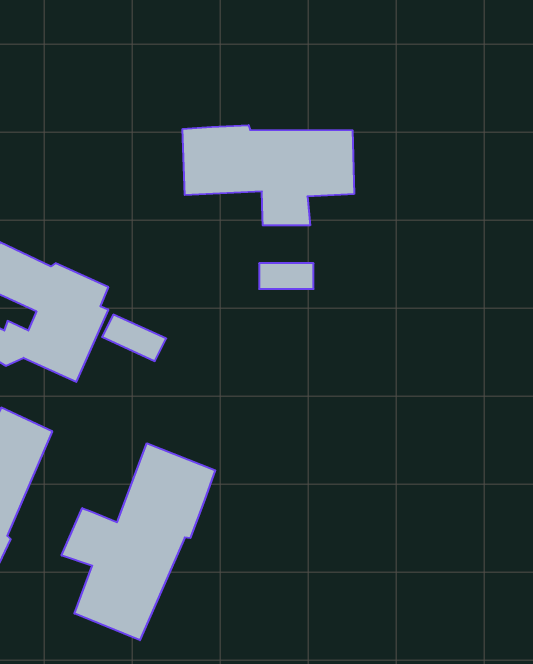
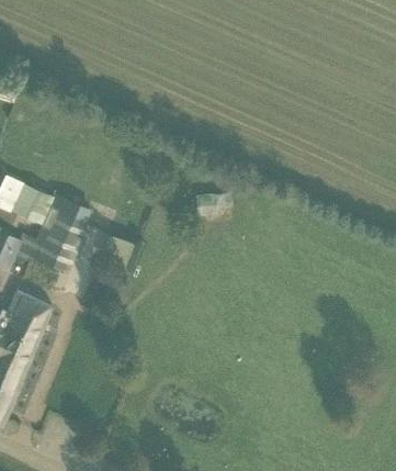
building: [183,125,354,225] -> none
building: [62,443,215,640] -> none

